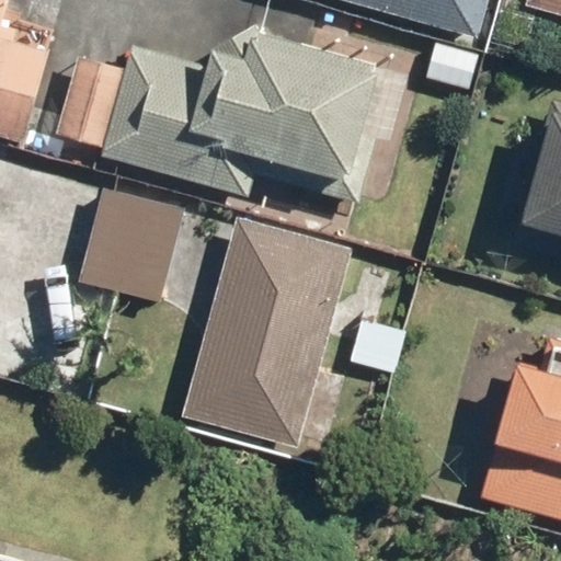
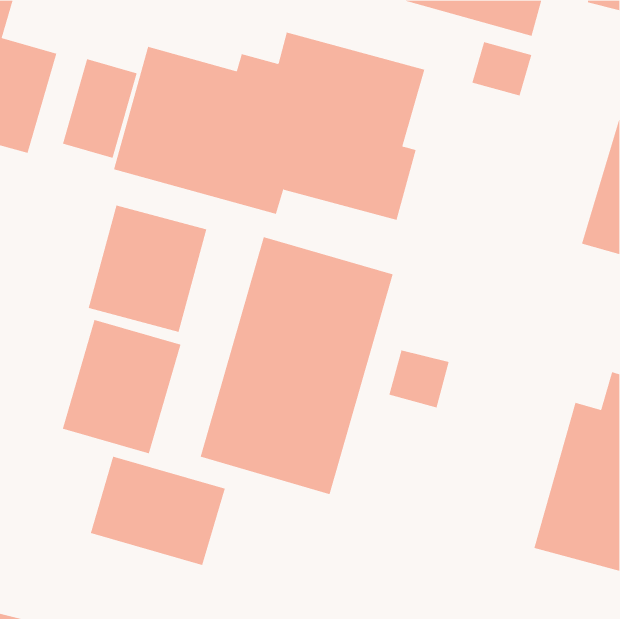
building: none -> [62,319,181,454]
building: none -> [90,456,225,566]

